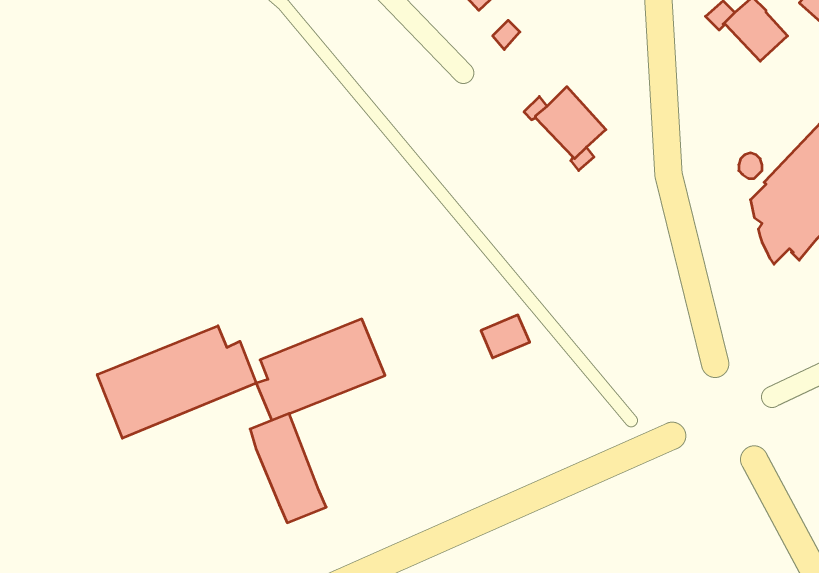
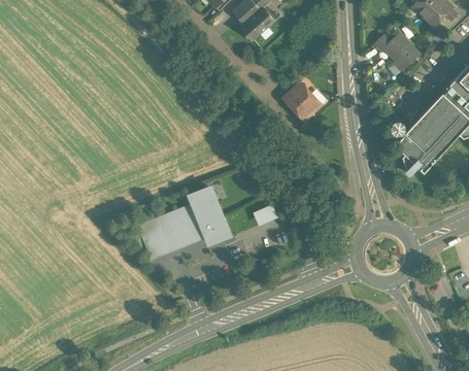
building: [97,326,256,438] -> none
building: [250,413,326,523] -> [190,185,230,243]

